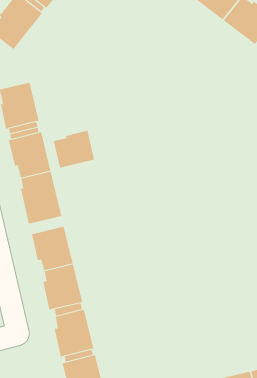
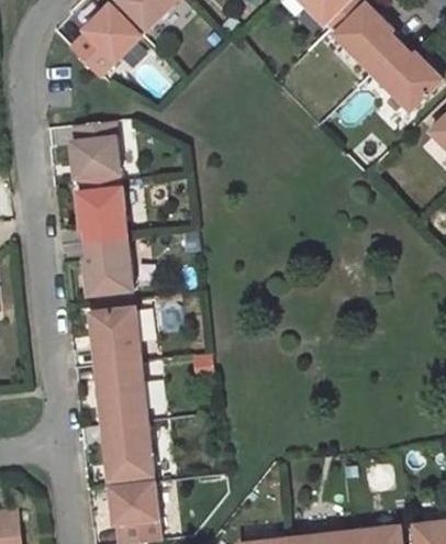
building: [53,130,95,168] -> none

